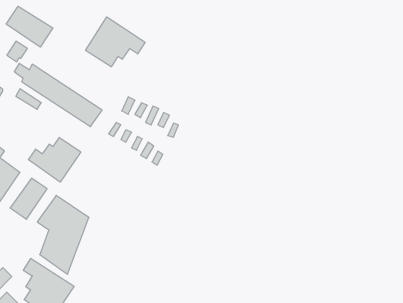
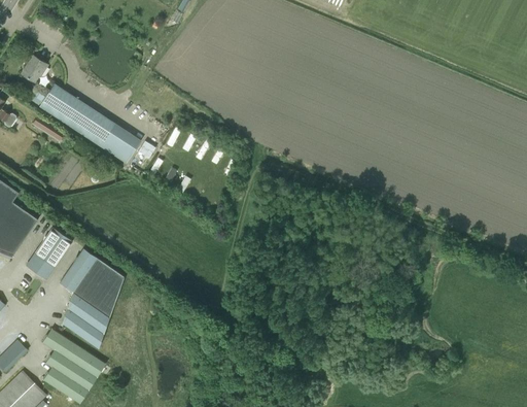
building: [6,6,53,47] -> none
building: [86,17,145,67] -> none
building: [28,137,81,182] -> none

